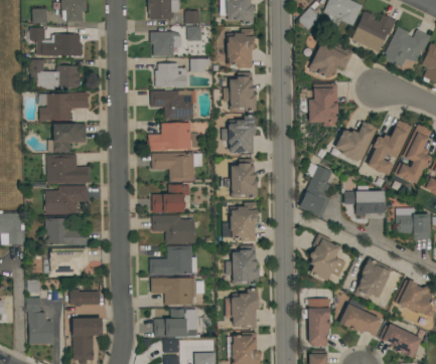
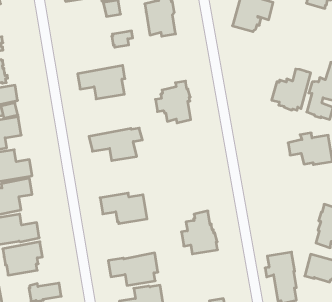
building: [151,32,182,56] -> none
building: [156,63,187,87] -> none
building: [224,72,257,112] -> none
building: [309,83,338,127] -> none
building: [148,123,200,151] -> none
building: [225,159,258,198] -> none
building: [299,163,333,217] -> none
building: [153,184,190,212] -> none
building: [231,202,258,241] -> none
building: [310,233,346,282] -> none
building: [151,246,197,275] -> none
building: [227,289,259,328] -> none

